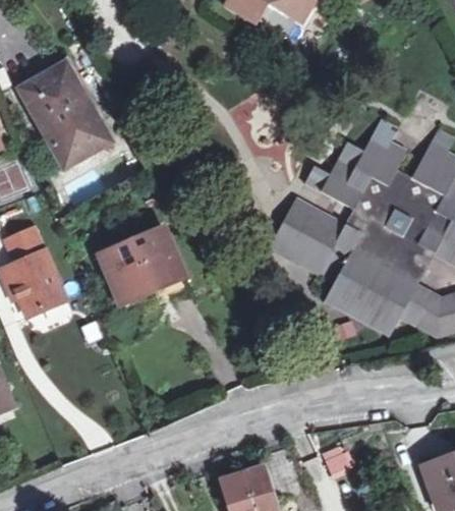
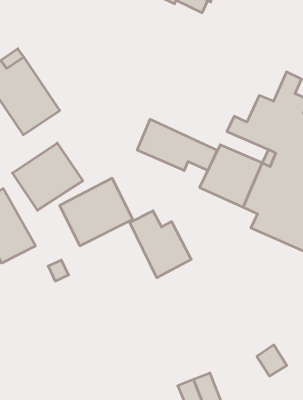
building: none -> [137,119,217,171]
building: none -> [12,143,83,210]
building: none -> [130,211,191,278]

